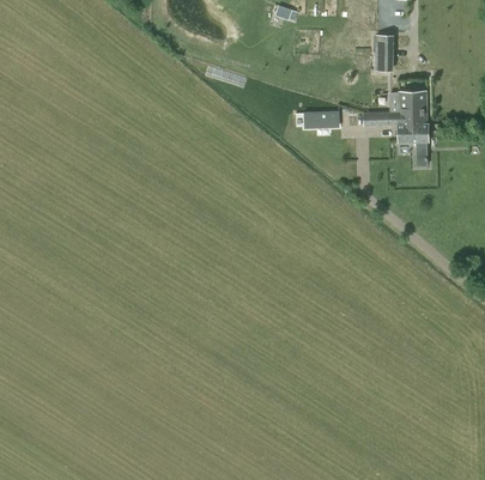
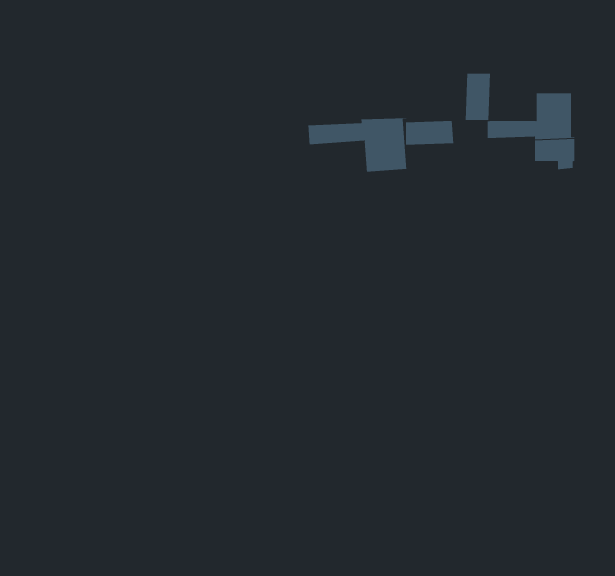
building: [375,35,394,69] -> [465,73,491,121]
building: none -> [308,117,407,173]

